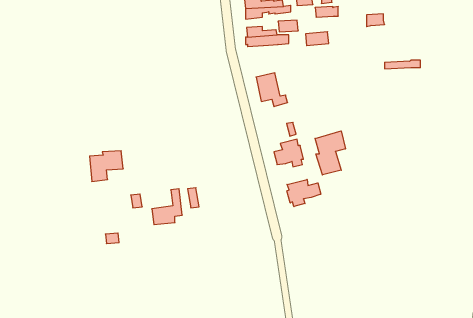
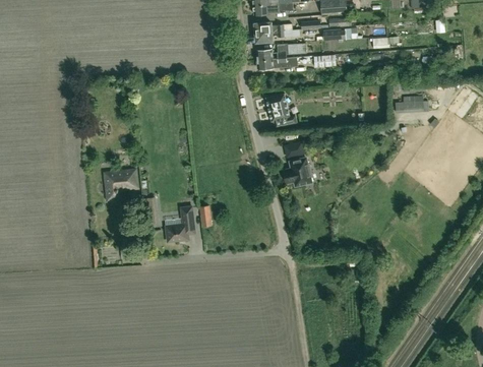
building: none -> [396,97,429,114]
building: [315,131,345,175] -> none
building: [287,179,321,207] -> none

